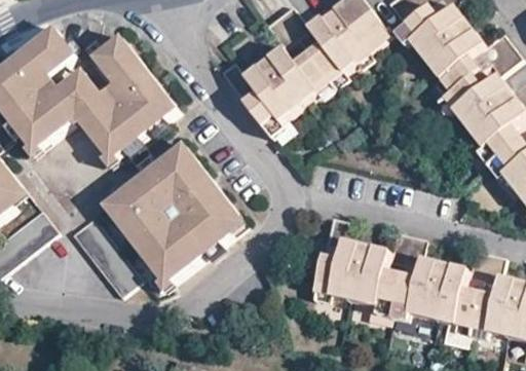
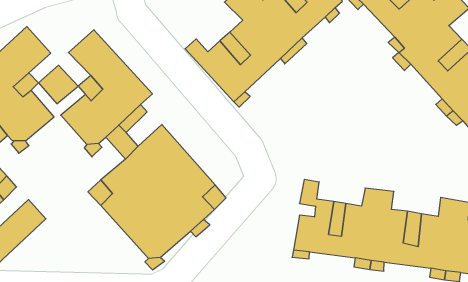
building: [73,218,140,295] -> none

